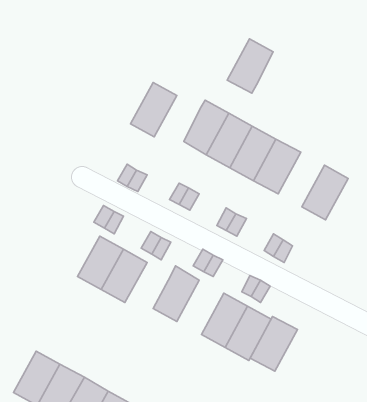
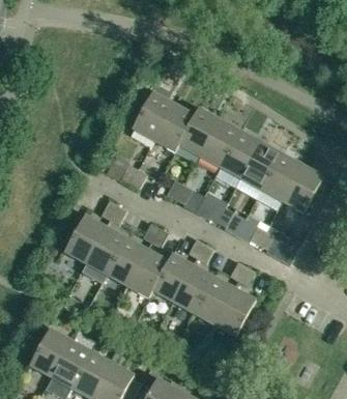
building: [227,39,273,93] -> [153,104,194,151]
building: none -> [262,153,302,201]
building: none -> [65,216,106,262]
building: none -> [127,250,168,296]
building: [250,317,297,371] -> [173,265,214,313]

